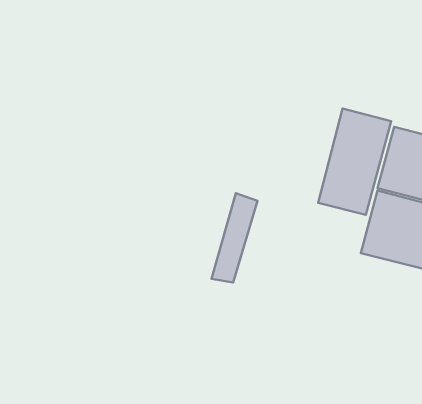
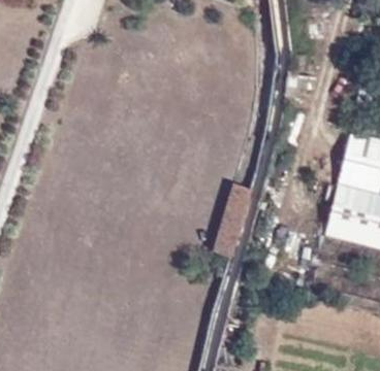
building: [318,109,391,215] -> none

